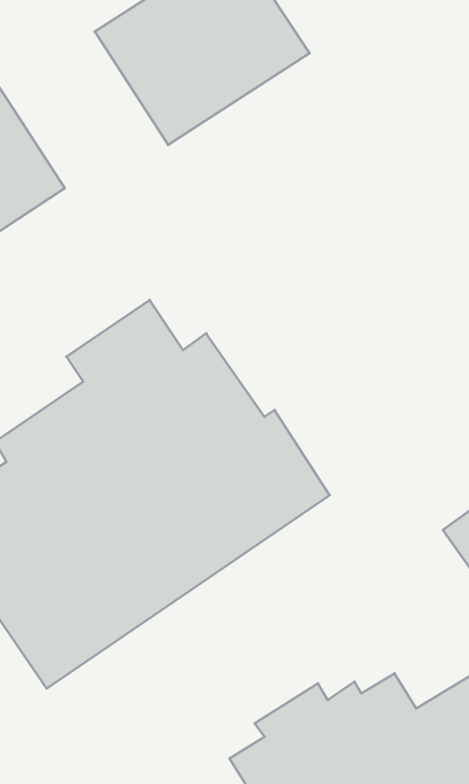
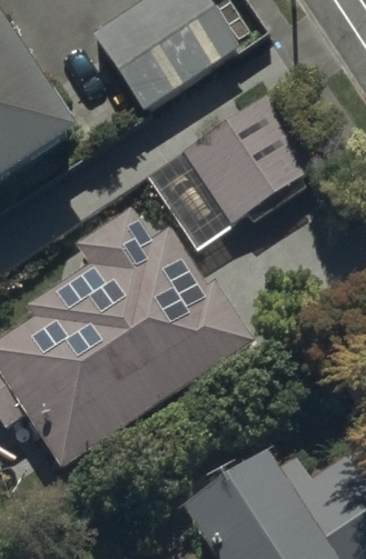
building: none -> [148,97,317,247]

